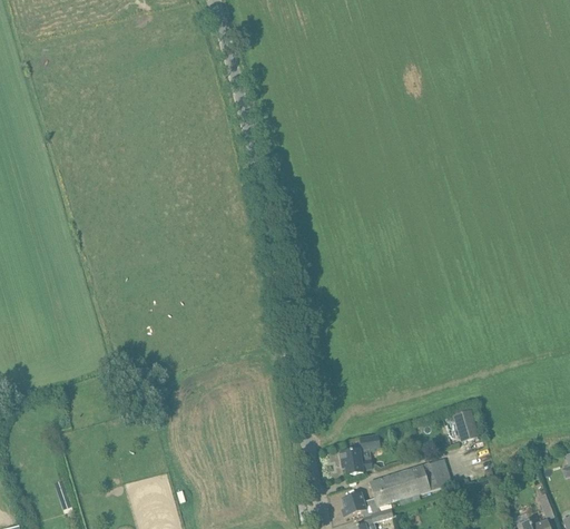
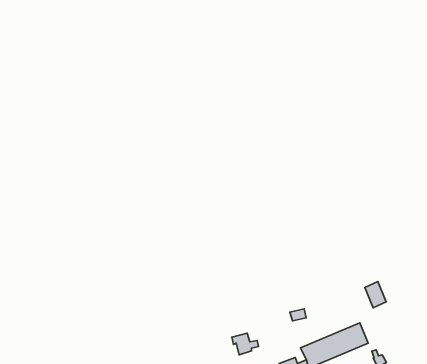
building: [340,449,371,474] -> [232,333,259,355]

